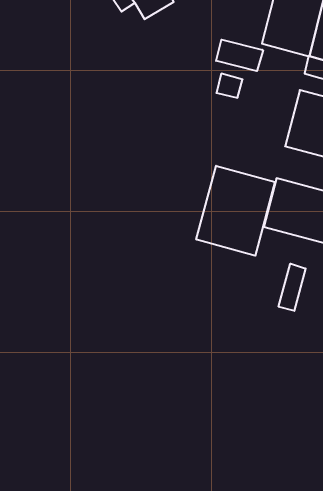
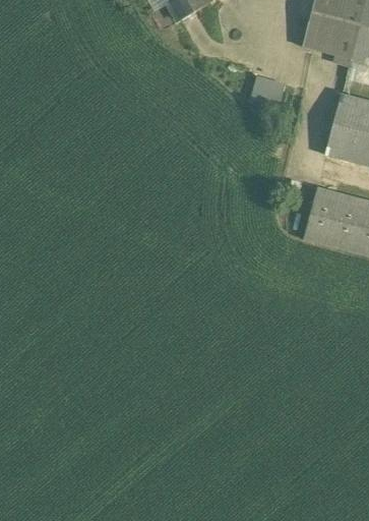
building: [216,40,263,71] -> none
building: [196,166,275,256] -> none
building: [279,264,306,311] -> none

